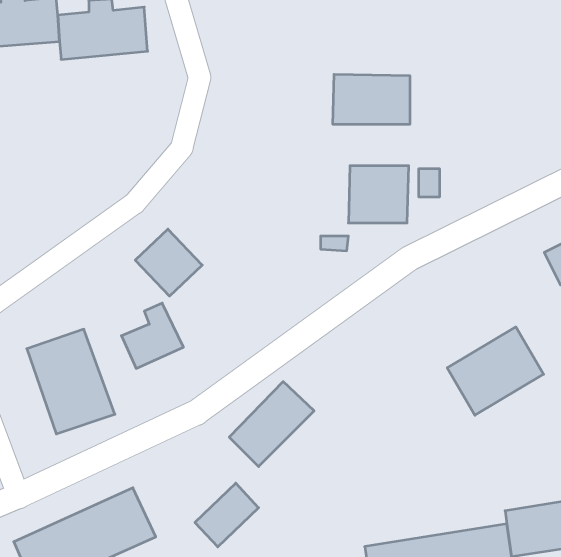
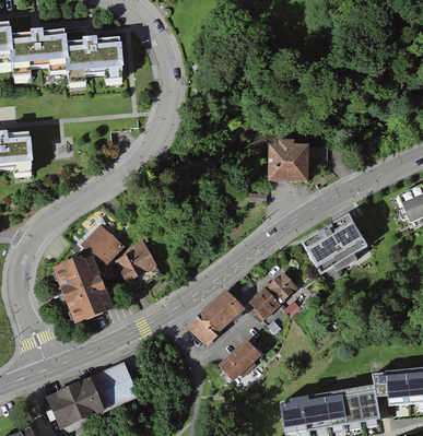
building: [333,74,410,124] -> none
building: [135,229,202,296] -> [81,222,126,267]
building: [447,327,544,415] -> [302,215,366,274]
building: none -> [249,271,298,319]
building: [195,483,259,547] -> [220,339,262,381]

